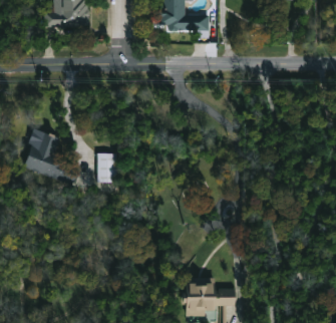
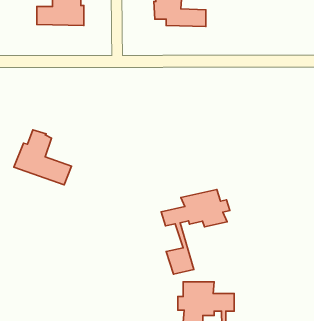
building: [96,153,116,183] -> none
building: none -> [161,189,230,274]

